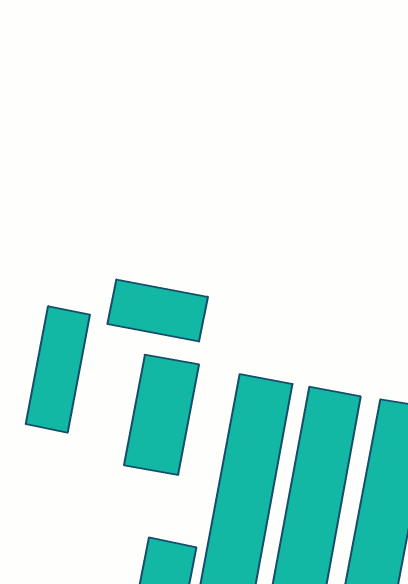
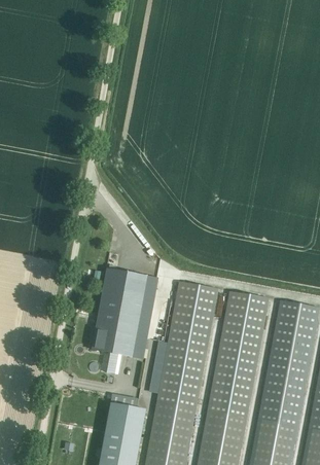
building: [108,279,208,342] -> none
building: [26,306,90,433] -> none

